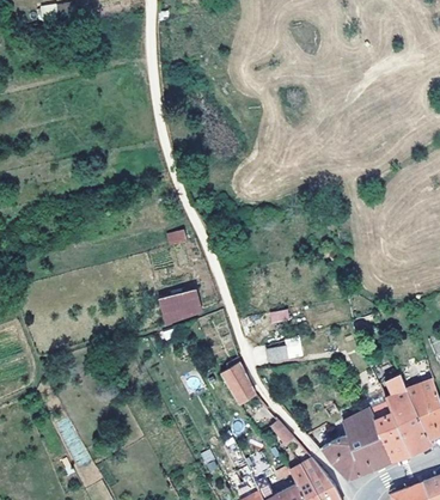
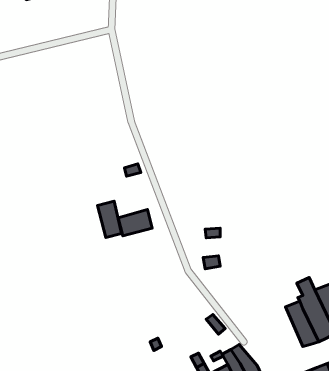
building: none -> [98,201,122,238]
building: [220,361,255,404] -> none
building: [322,408,391,478] -> none

